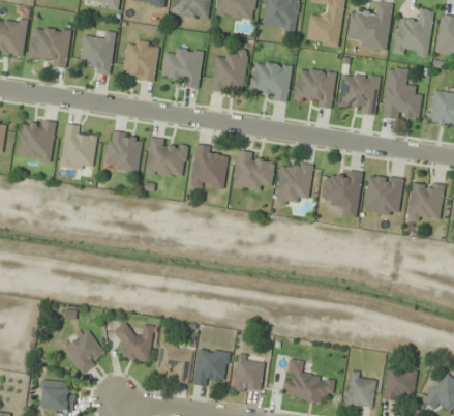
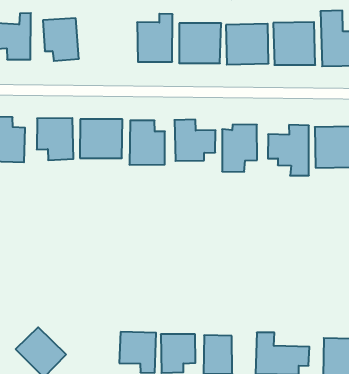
building: [161,48,203,89] -> none
building: [117,325,153,362] -> none

